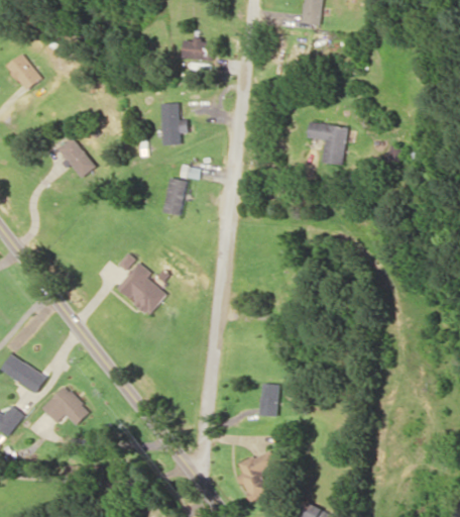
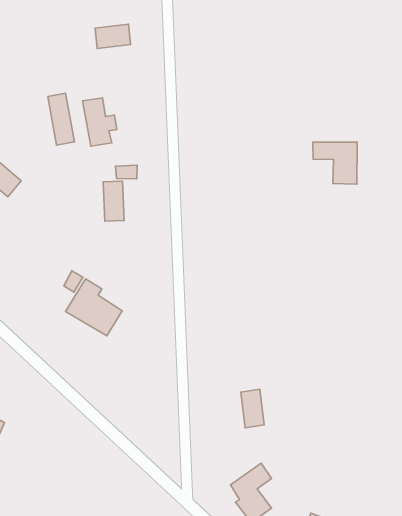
building: none -> [48,93,75,145]
building: [306,122,347,166] -> [313,142,357,184]
building: [42,386,91,425] -> none

